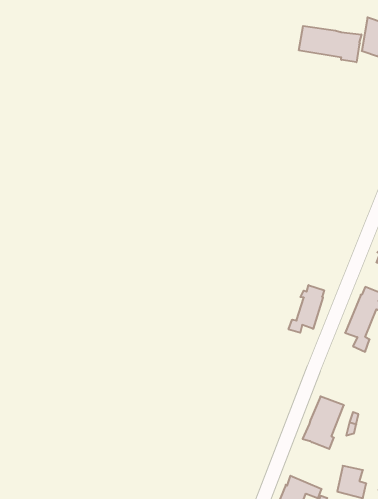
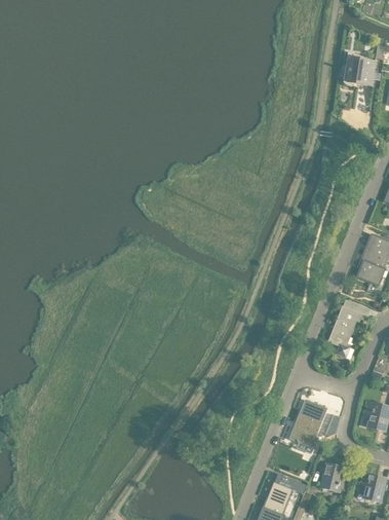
building: [299,26,361,62] -> none
building: [289,285,324,333] -> none

